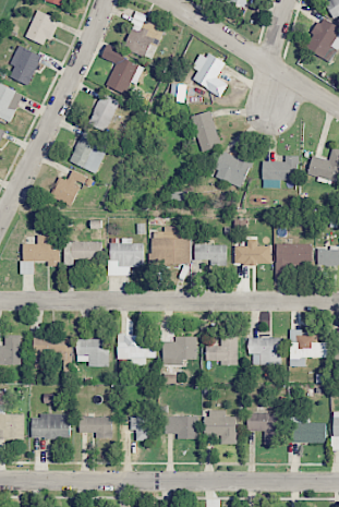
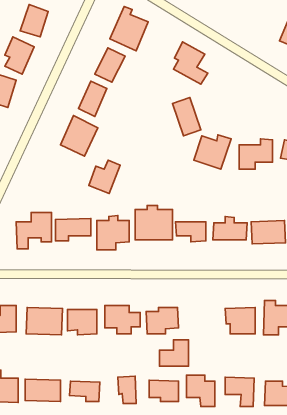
building: [51,170,85,206] -> [89,160,120,194]
building: [206,335,238,363] -> [159,340,189,366]

